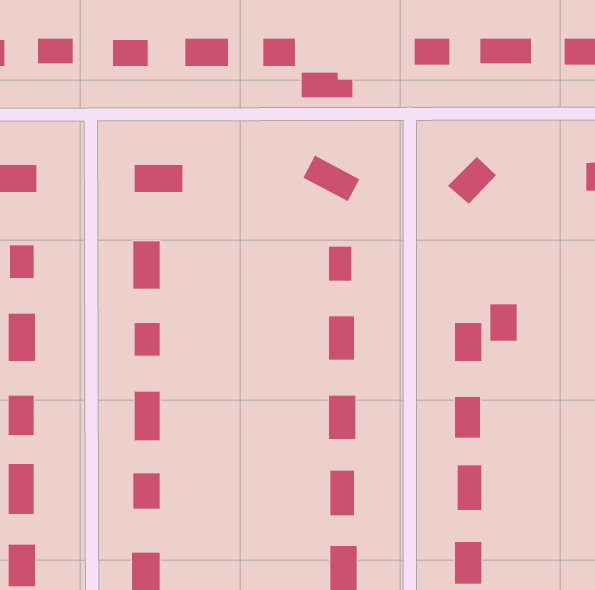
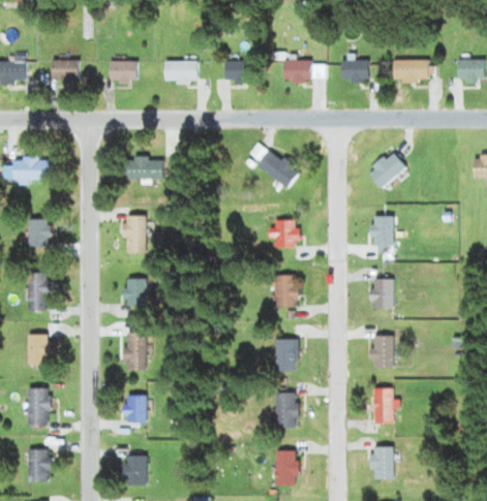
building: [301,72,353,98] -> [283,60,324,80]
building: [489,304,518,341] -> [371,216,393,245]

